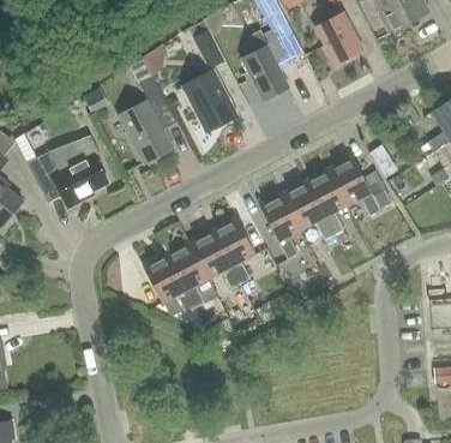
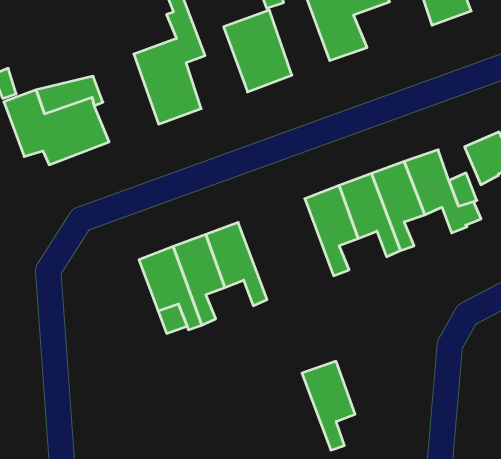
building: [212,217,255,283] -> [302,361,355,450]

